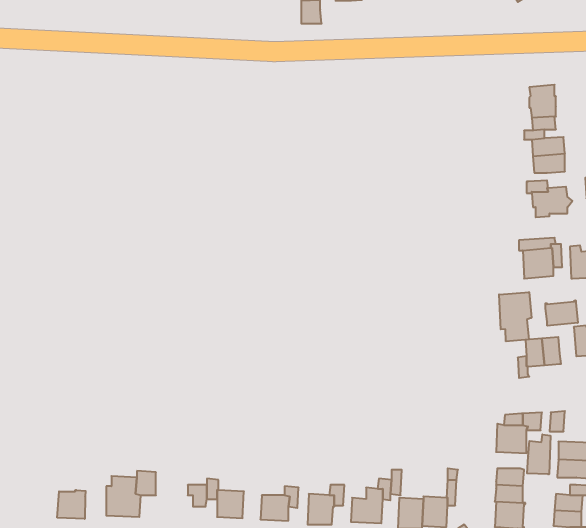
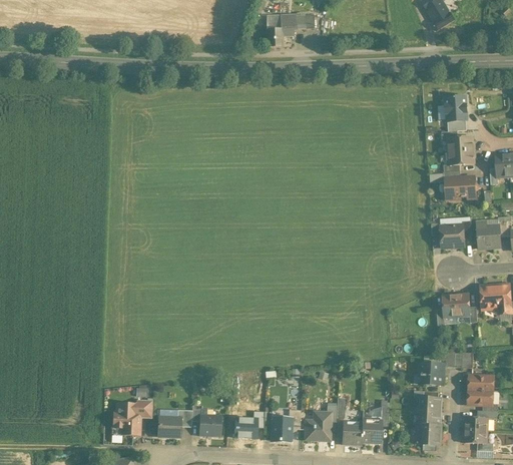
building: [499,292,531,341] -> none
building: [545,300,578,326] -> none
building: [527,434,550,474] -> none
building: [57,490,86,519] -> none
building: none -> [158,417,181,437]

